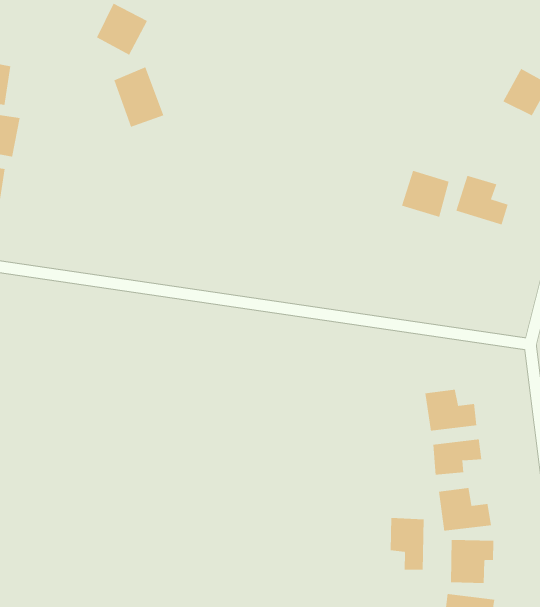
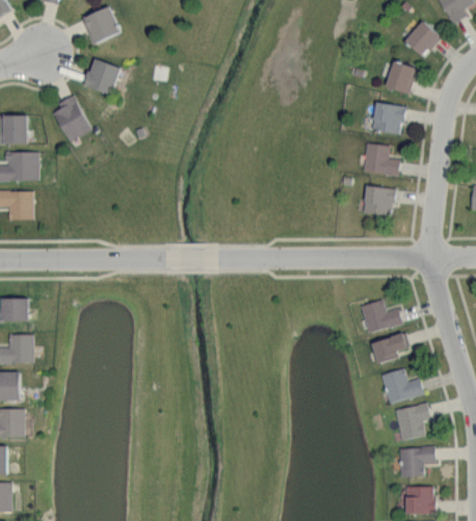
building: [113,67,164,128] -> [51,97,91,142]
building: none -> [371,101,405,134]
building: [401,170,450,217] -> [363,185,395,216]
building: [390,517,424,570] -> none

